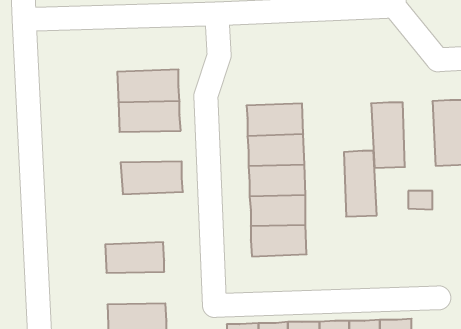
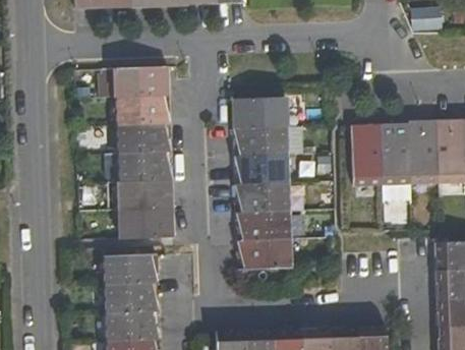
building: none -> [113,68,171,97]
building: none -> [233,100,286,128]
building: none -> [116,152,174,181]
building: [344,151,377,217] -> [380,124,410,185]
building: none -> [119,209,176,239]
building: none -> [104,283,159,313]

